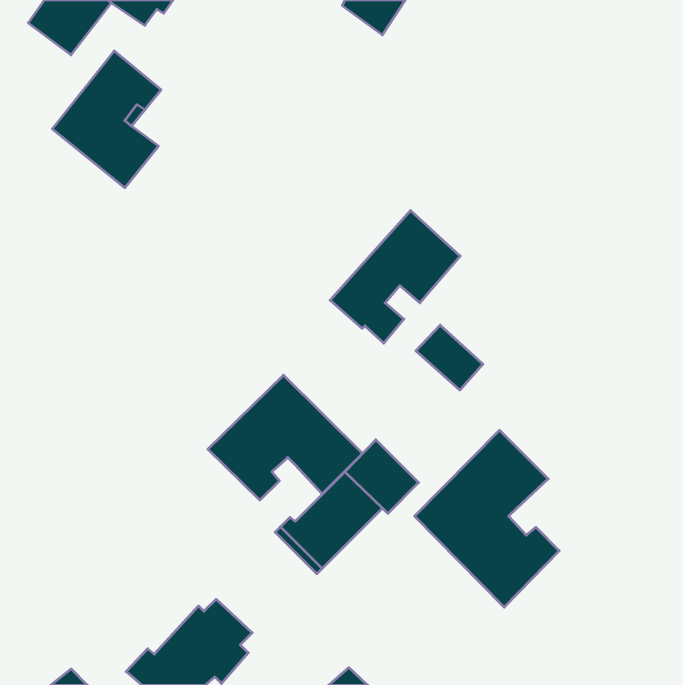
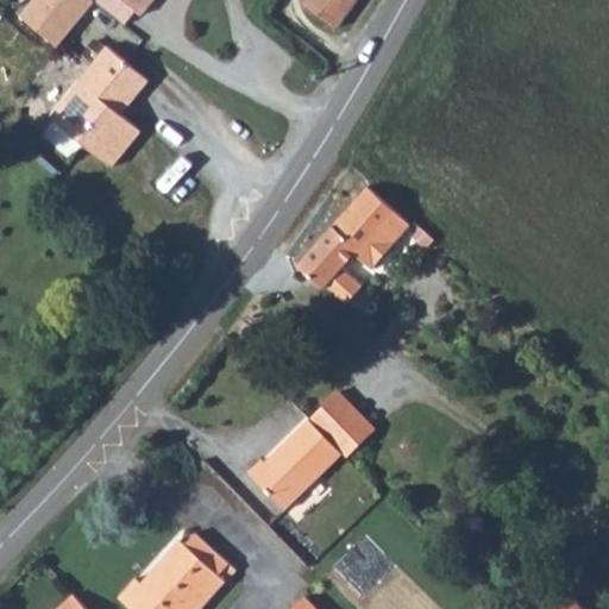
building: [416,325,483,390] -> none
building: [208,375,363,500] -> none
building: [415,430,559,607] -> none

